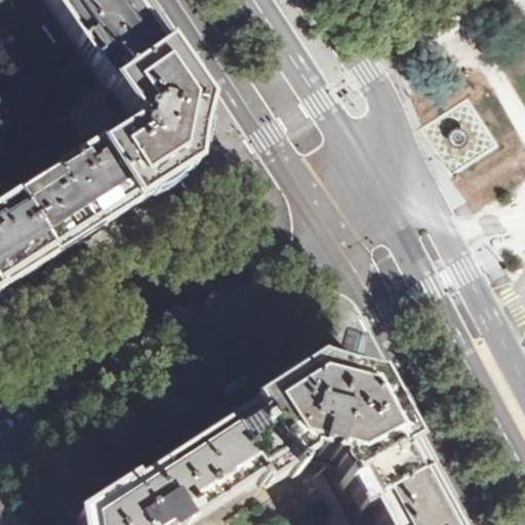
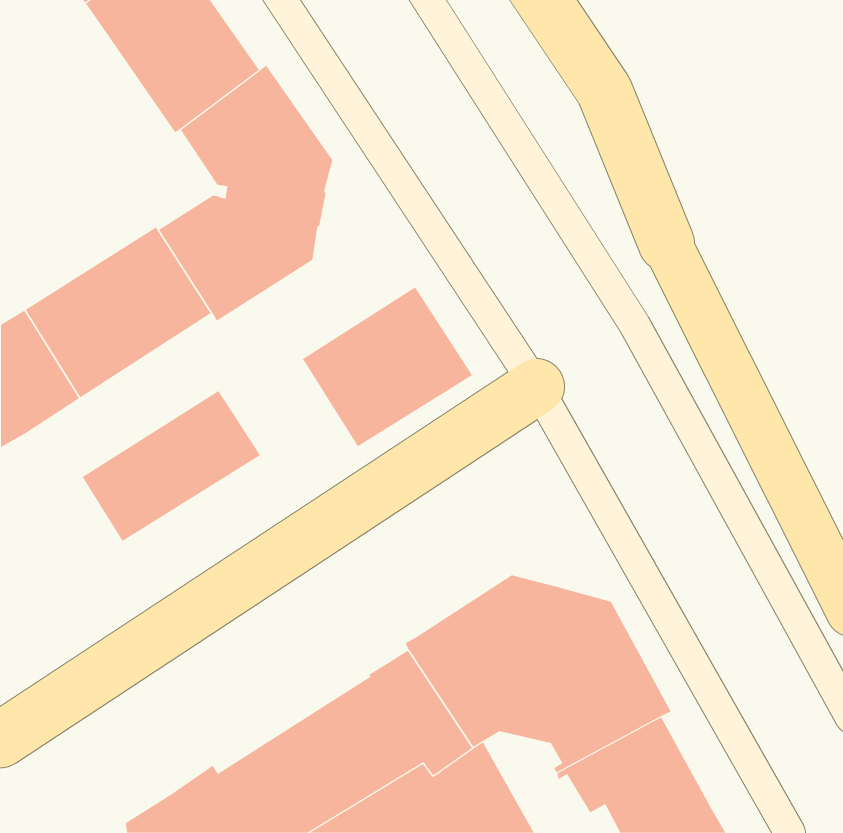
building: none -> [302,286,473,447]
building: none -> [81,390,261,542]

